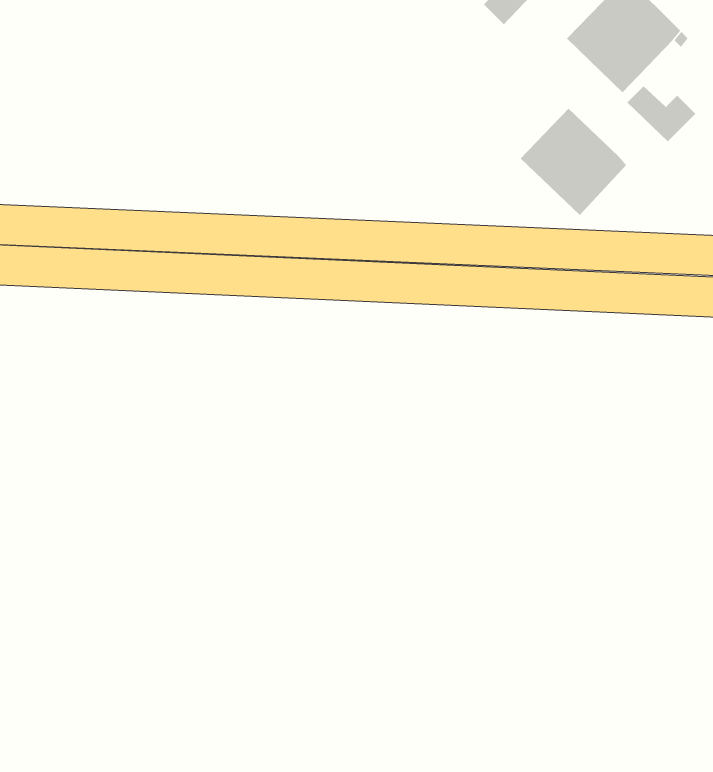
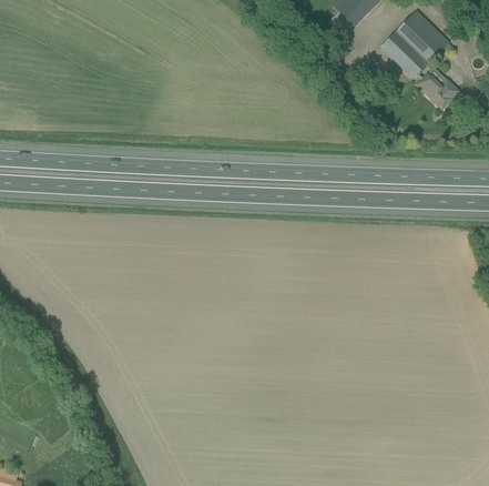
building: [520,108,627,216] -> none

